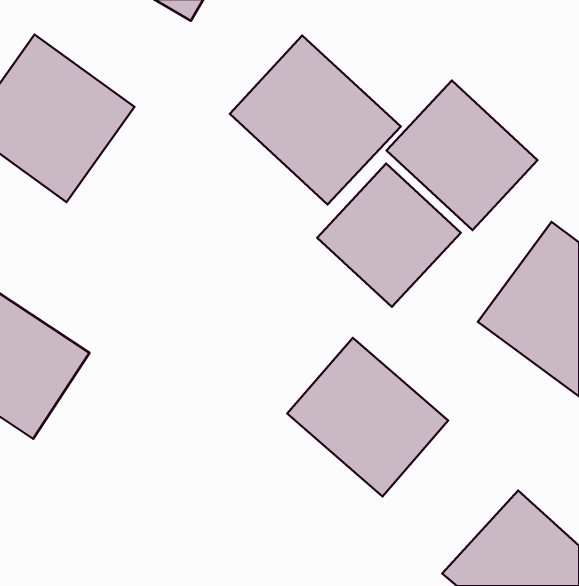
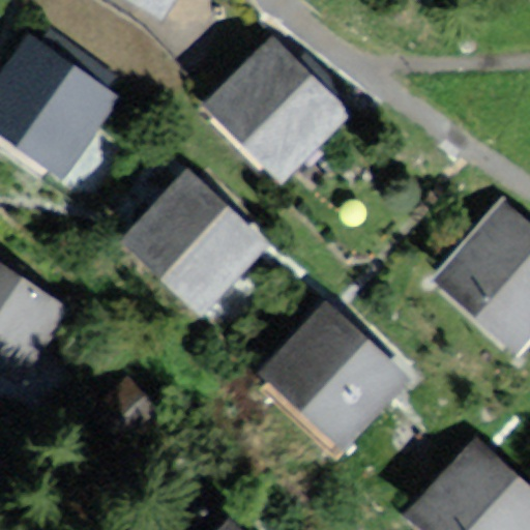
building: [387,81,538,230] -> none
building: [317,164,461,307] -> none
building: none -> [131,175,270,311]

